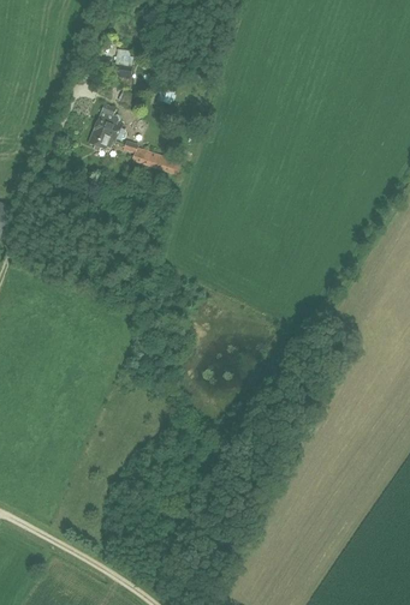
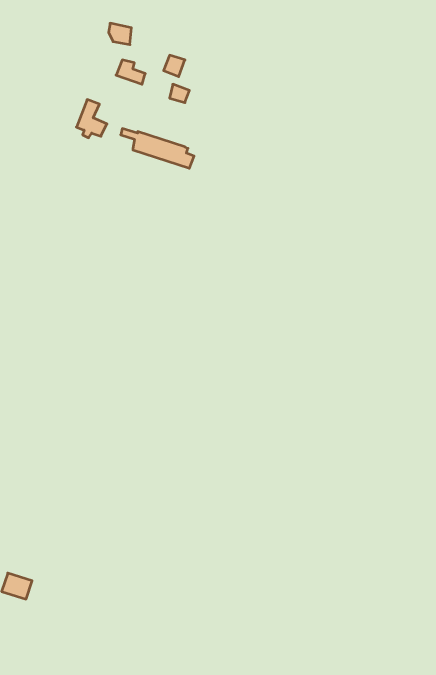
building: [94,102,123,140] -> none

